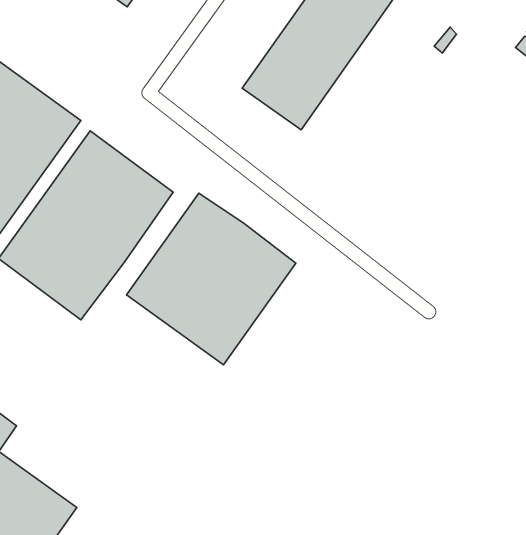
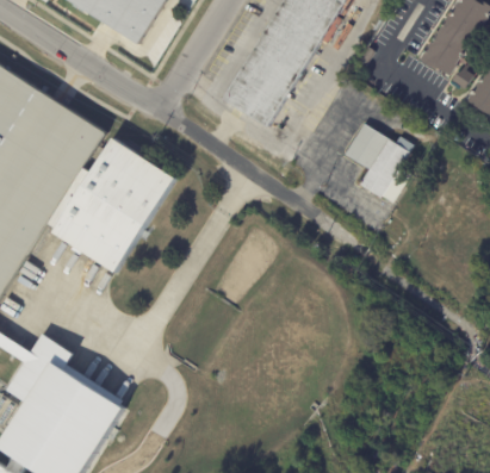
building: none -> [343,124,413,203]
building: [127,193,296,365] -> none

